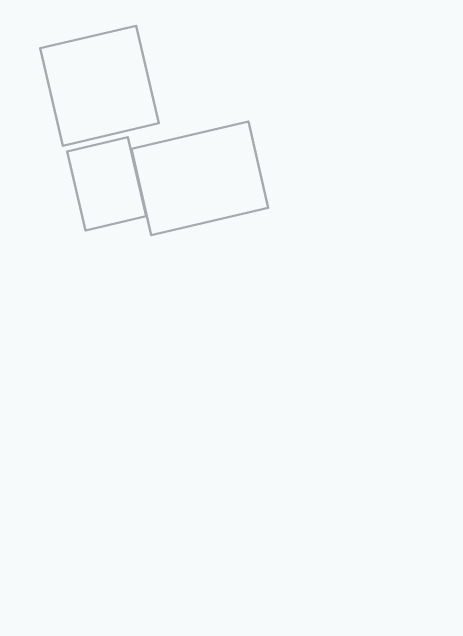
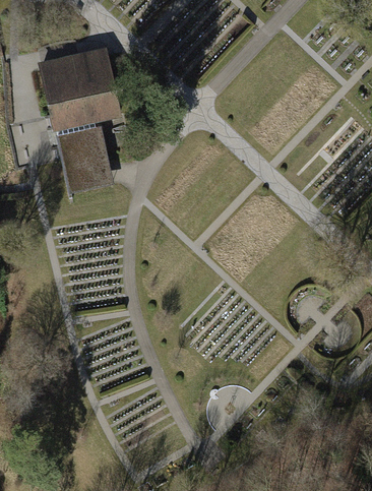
building: [132,122,268,235] -> none

